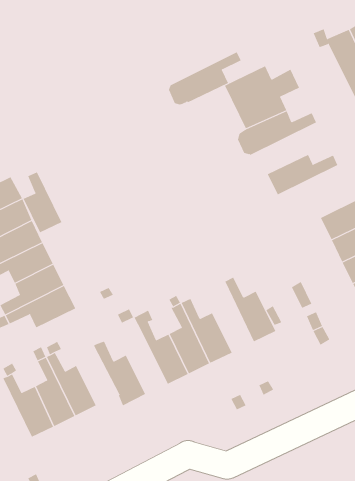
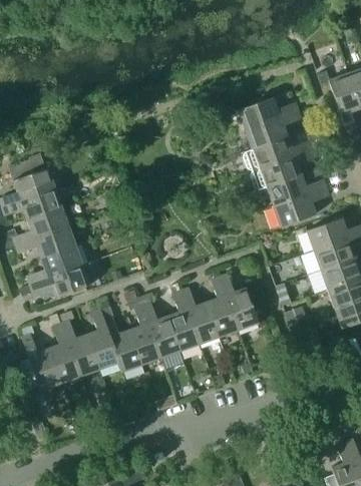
building: [168,52,242,105] -> [251,150,316,190]
building: none -> [273,188,330,228]
building: [23,171,62,233] -> none
building: none -> [207,277,239,338]
building: none -> [129,305,161,365]
building: none -> [86,310,119,370]

